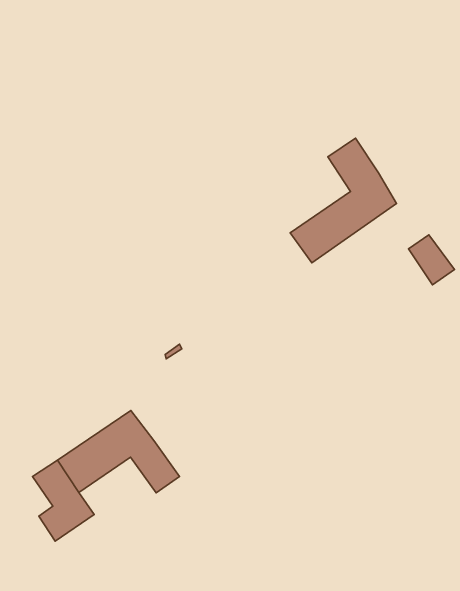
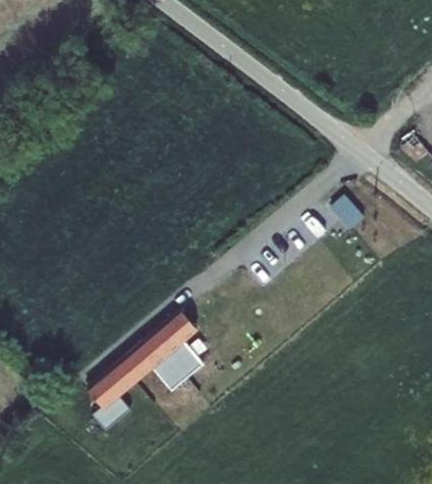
building: [290,138,396,263] -> none
building: none -> [152,309,206,378]

